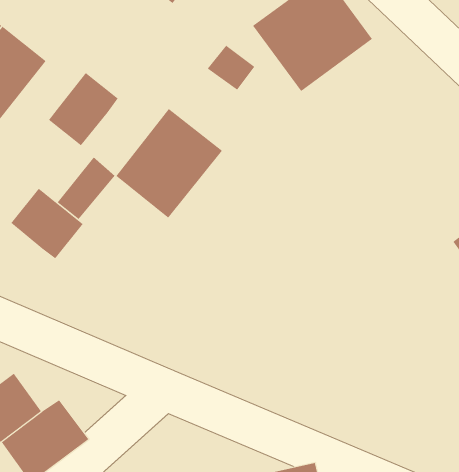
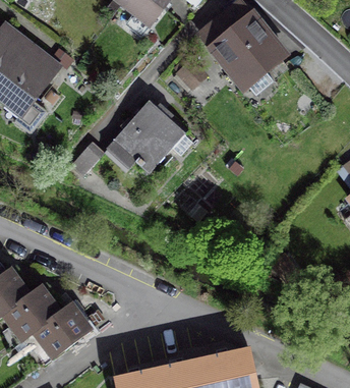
building: [48,72,119,146] -> none
building: [10,188,84,259] -> none

